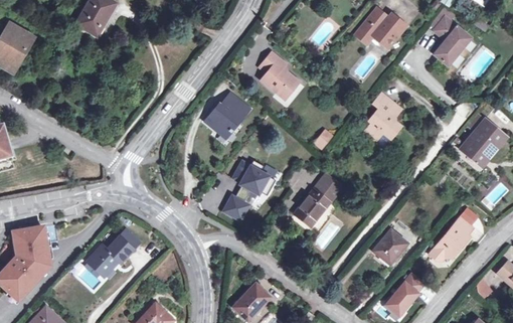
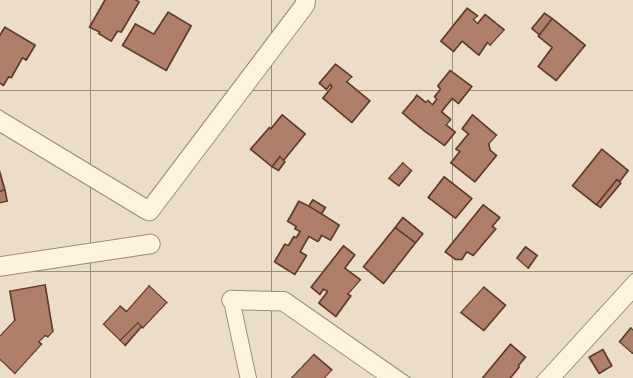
building: none -> [122,12,191,70]
building: none -> [403,70,472,145]
building: none -> [428,177,472,218]
building: none -> [311,246,360,317]
building: [430,218,473,262] -> [445,205,500,259]

